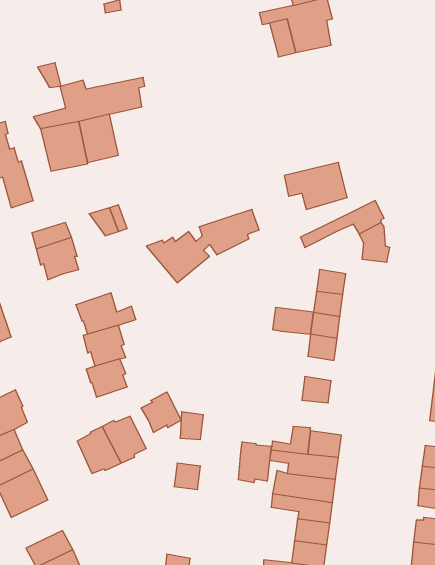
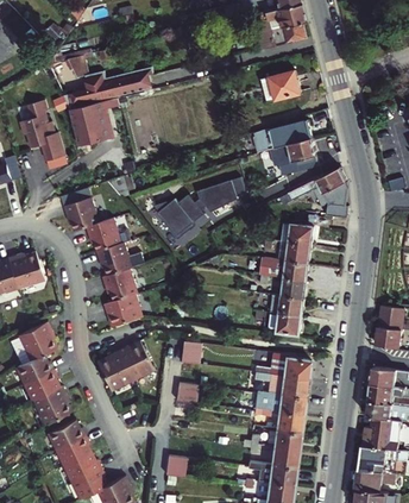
building: none -> [260,76,301,107]
building: none -> [250,121,308,152]
building: none -> [84,220,130,253]
building: none -> [271,294,304,315]
building: [141,392,181,433] -> none
building: [238,442,271,483] -> none
building: none -> [45,415,84,451]

